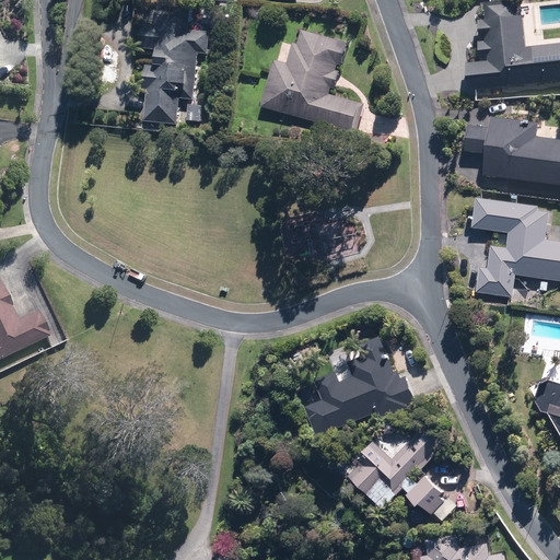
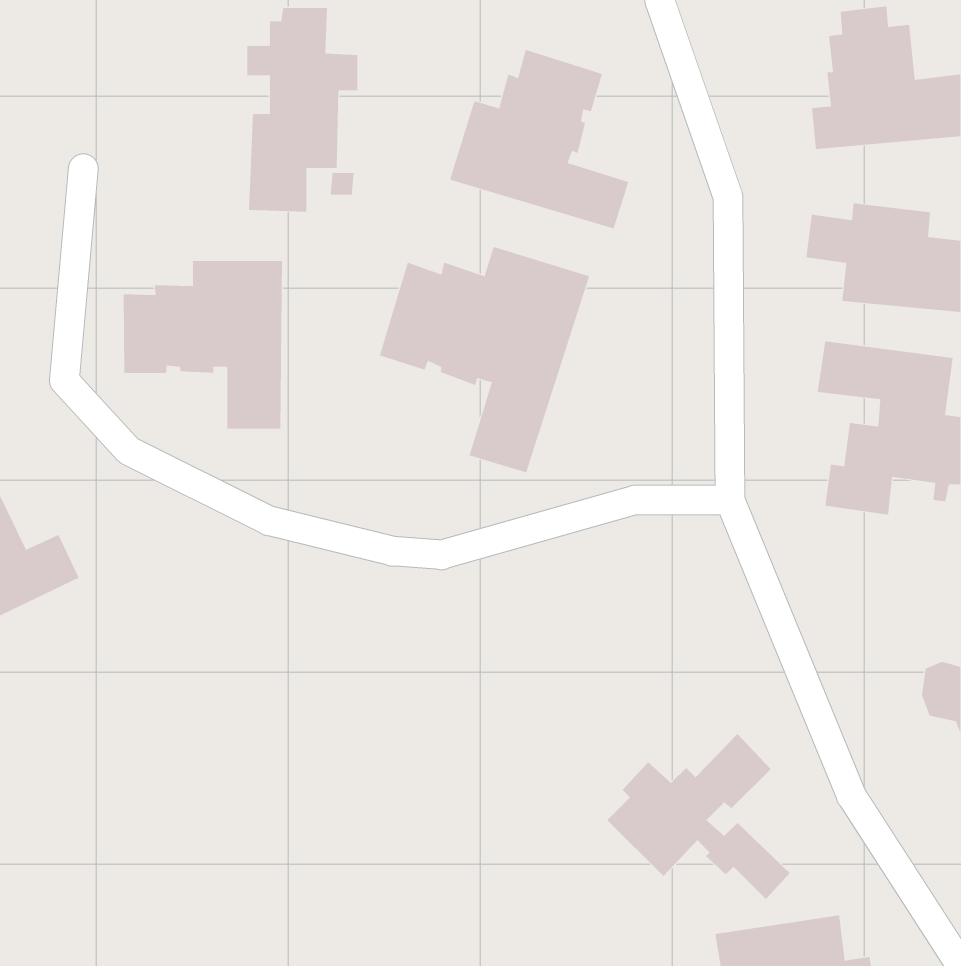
building: none -> [379,246,590,473]
building: none -> [123,260,283,430]
building: [304,342,415,435] -> none

